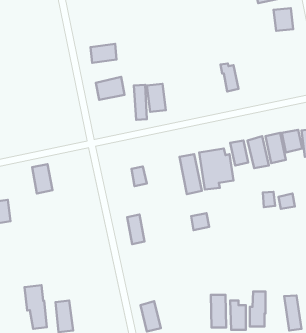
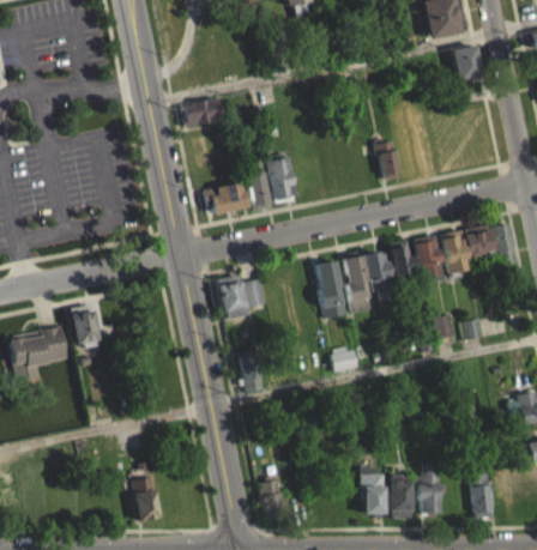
building: [96,77,125,100] -> [206,181,248,214]
building: none -> [218,274,248,319]
building: [32,164,52,193] -> [70,304,99,347]
building: [25,285,47,329] -> none

